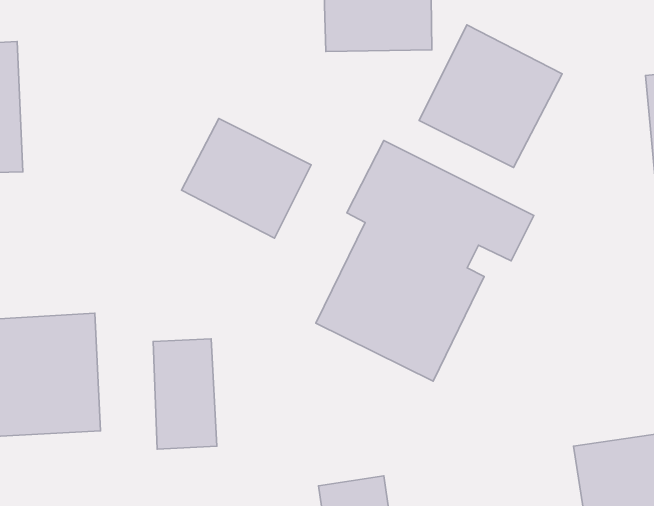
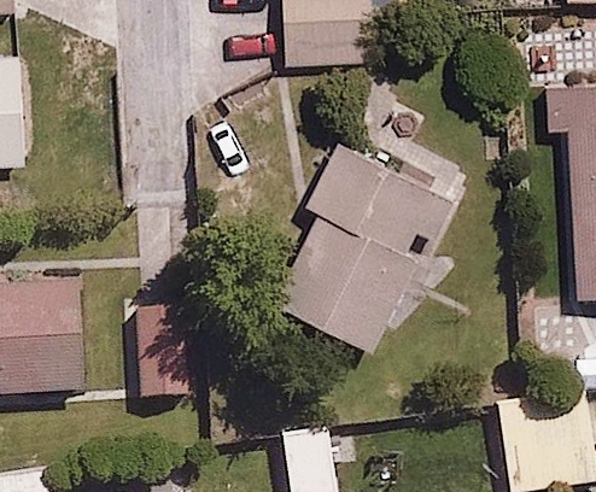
building: [419,25,562,168] -> none
building: [181,119,311,238] -> none

